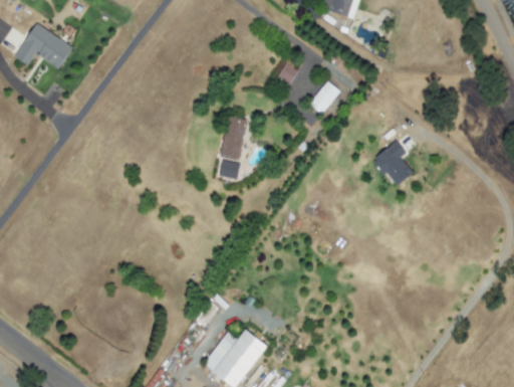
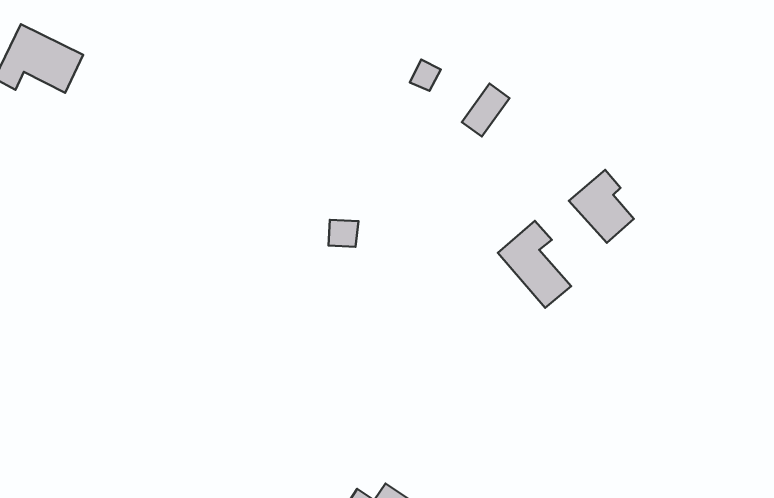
building: [221,116,247,159] -> none
building: none -> [498,221,571,308]

